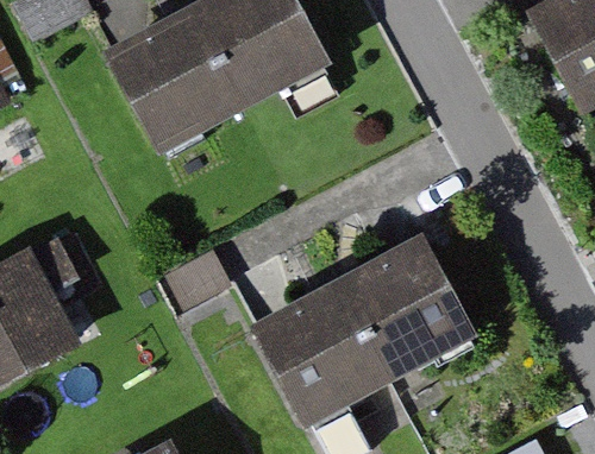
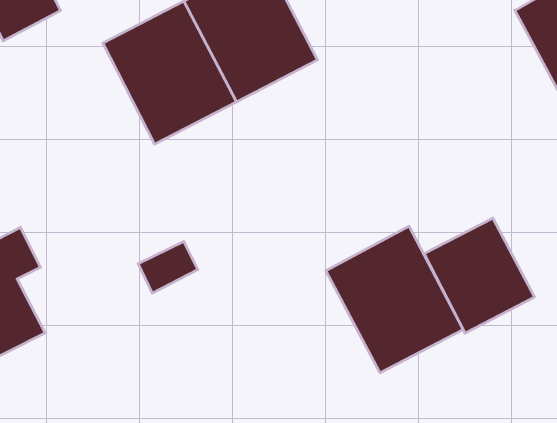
building: none -> [424,218,534,333]
building: [256,279,396,428] -> none

